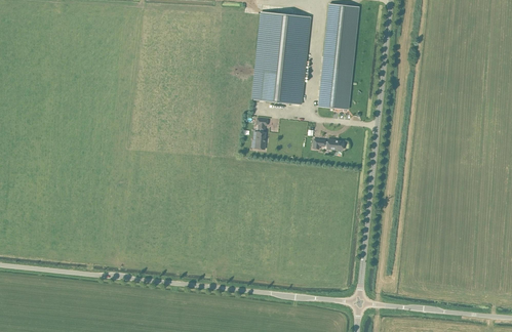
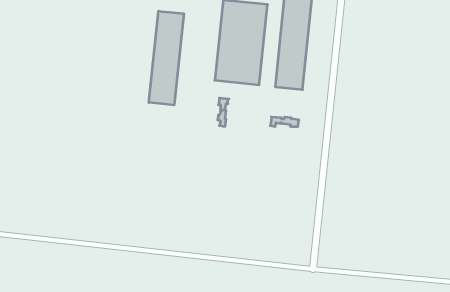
building: none -> [149,11,184,105]

